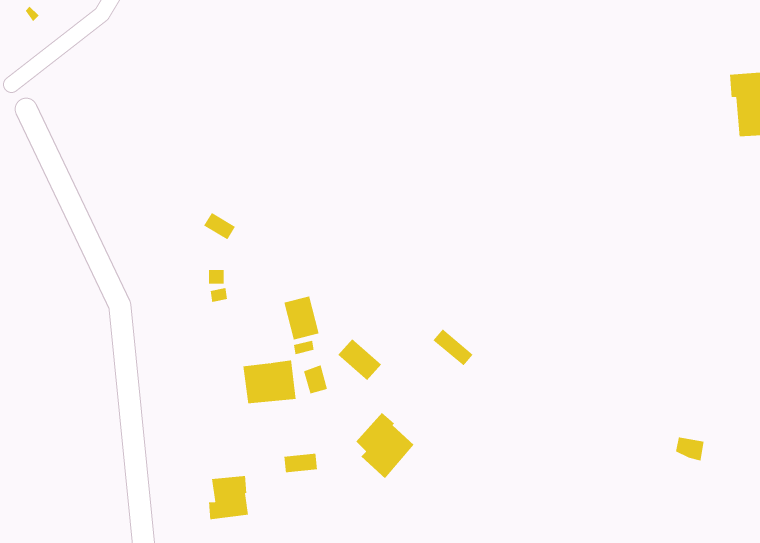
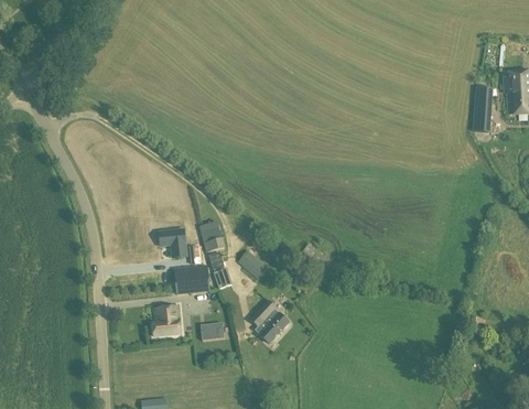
building: none -> [472,96,492,132]
building: none -> [158,229,187,260]
building: [208,476,249,520] -> [152,306,180,336]

